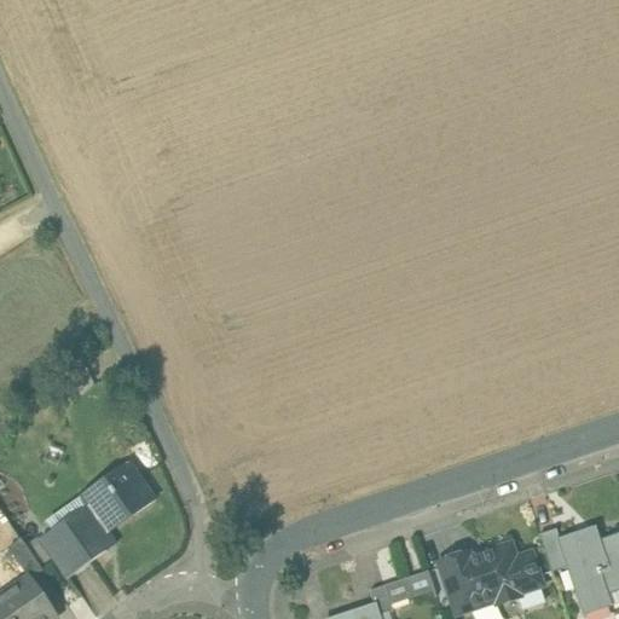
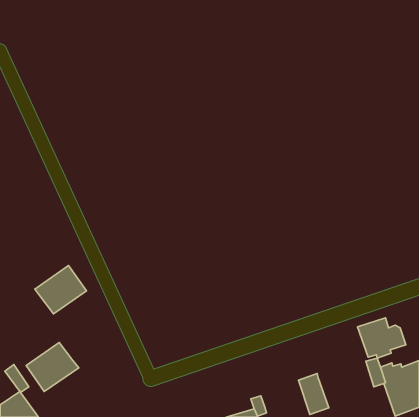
building: [80,461,156,532] -> [35,265,86,314]
building: [469,544,540,603] -> [358,318,406,358]
building: [384,569,436,601] -> none

